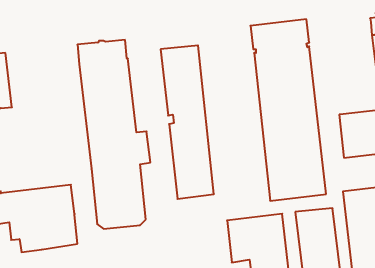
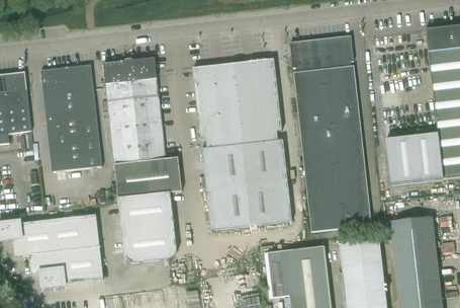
building: none -> [233,58,291,224]
building: none -> [40,64,101,170]

